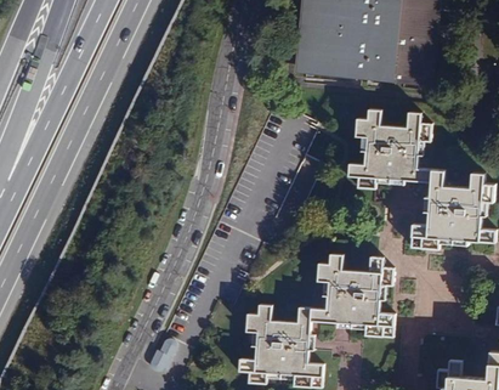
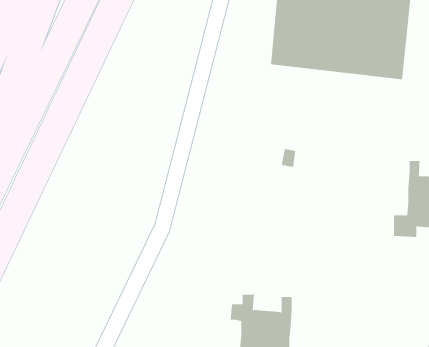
building: [345,109,429,190] -> none
building: [310,255,393,337] -> none

